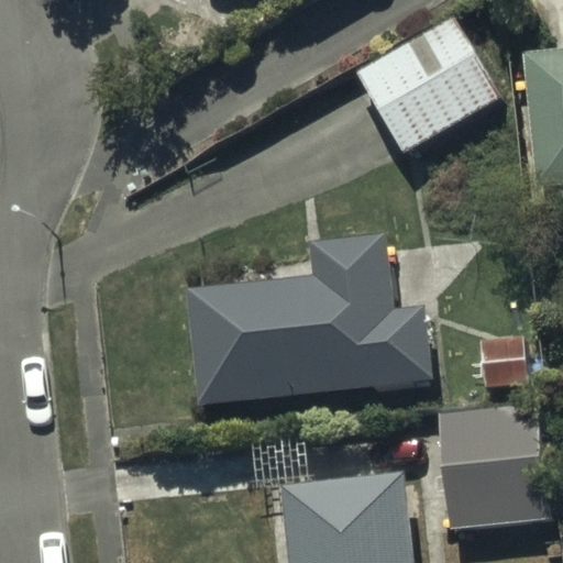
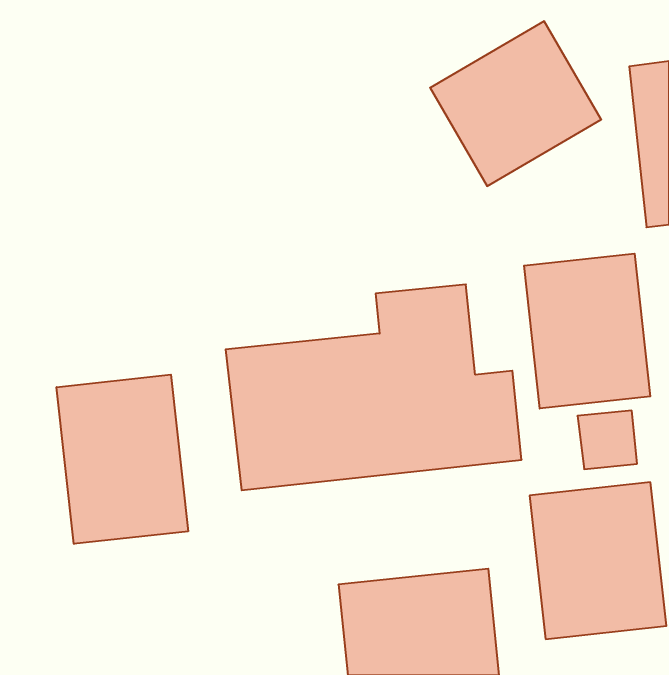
building: none -> [524,254,650,409]
building: none -> [57,375,188,544]

